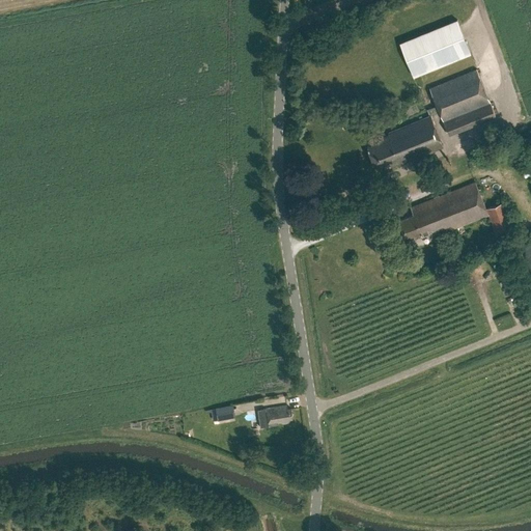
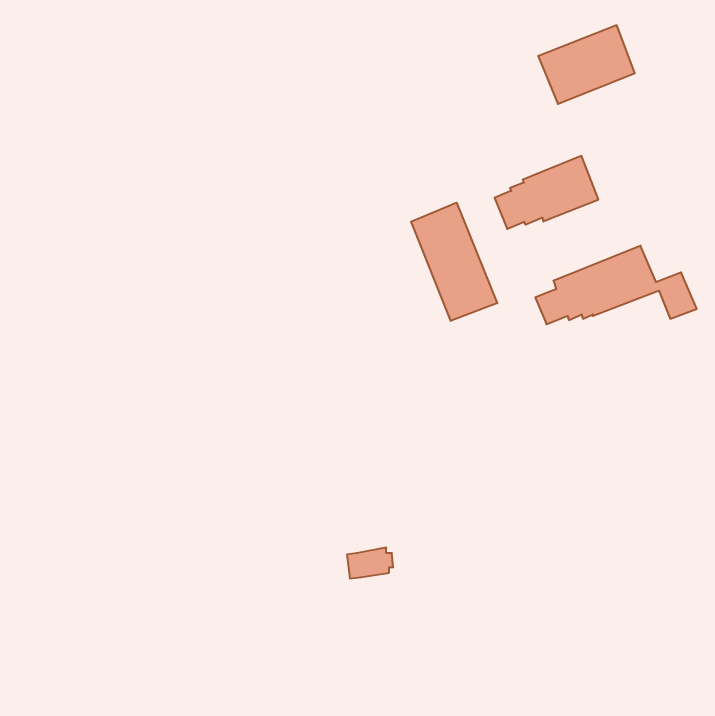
building: [428,71,495,136] -> none
building: none -> [411,203,497,321]

